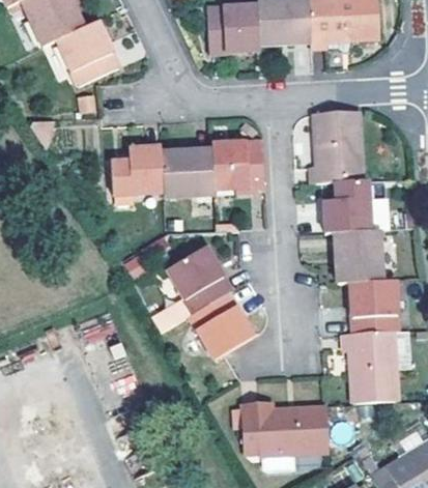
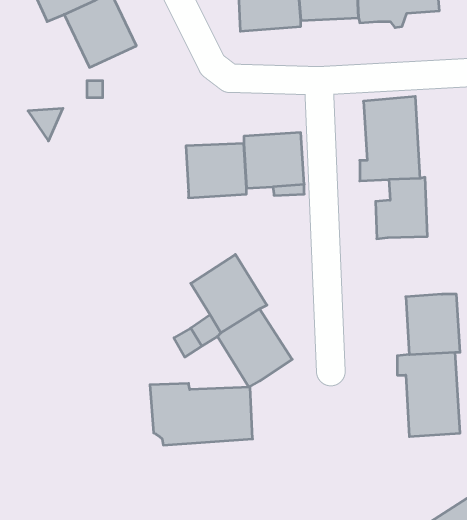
building: [111,147,164,194] -> none
building: [335,229,381,283] -> none
building: [240,402,329,455] -> [150,383,253,445]

